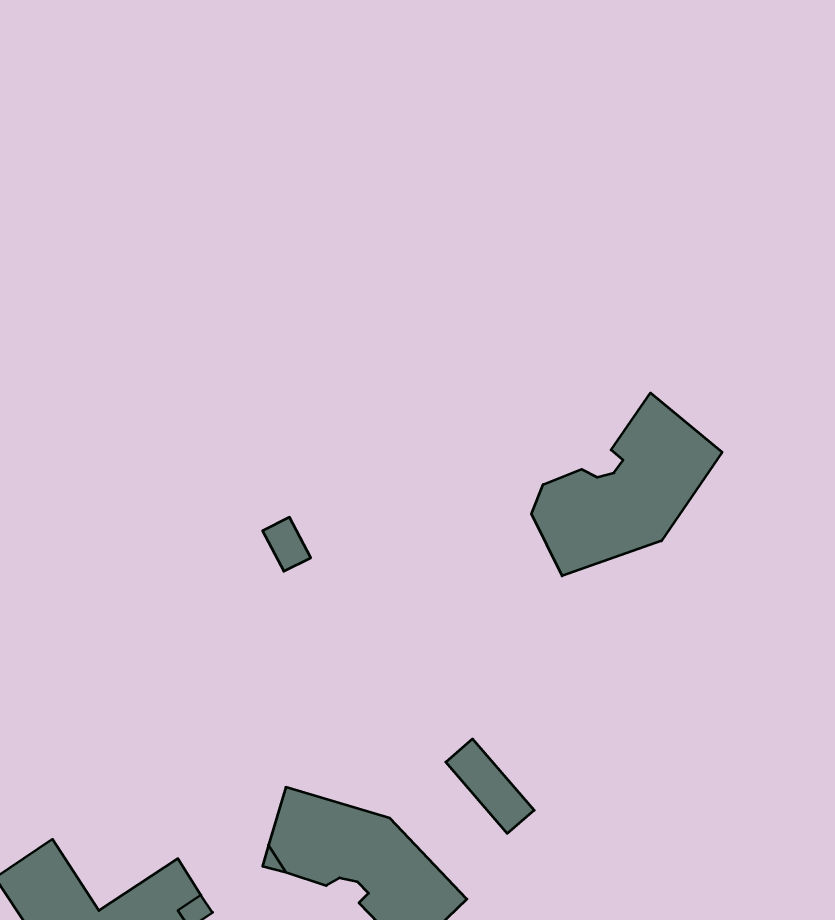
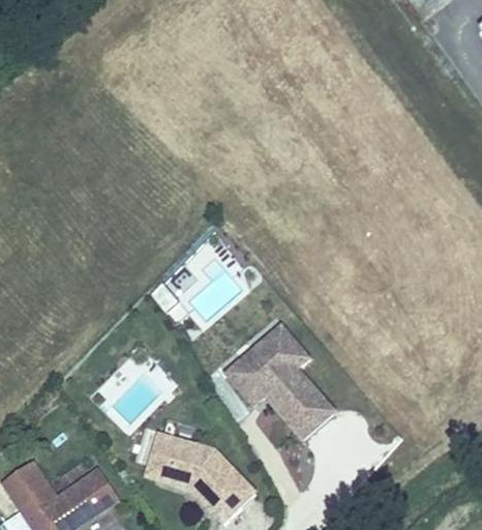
building: [532,393,722,576] -> none
building: none -> [220,329,330,439]

